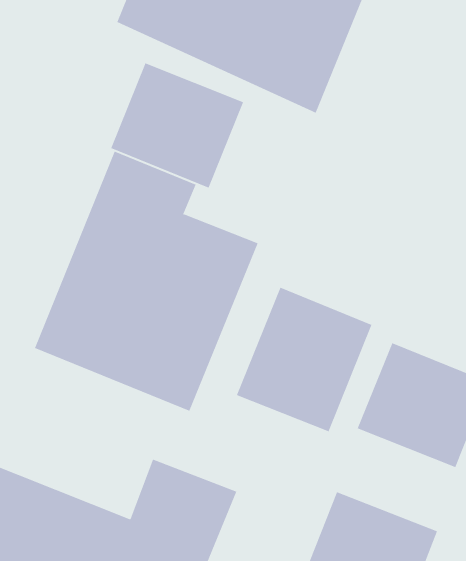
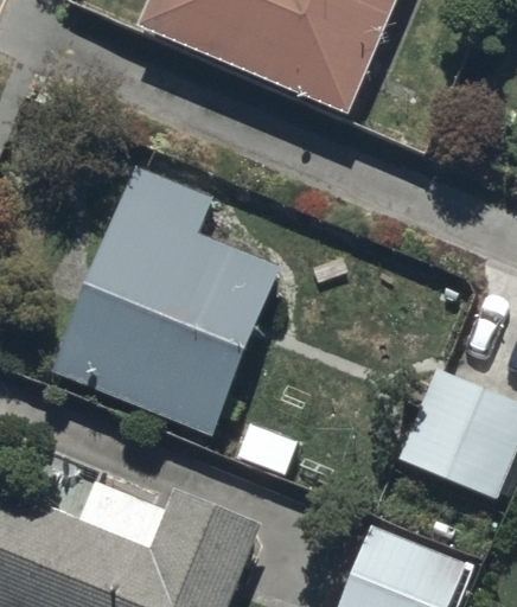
building: [111,62,244,189] -> none
building: [236,287,372,432] -> none

